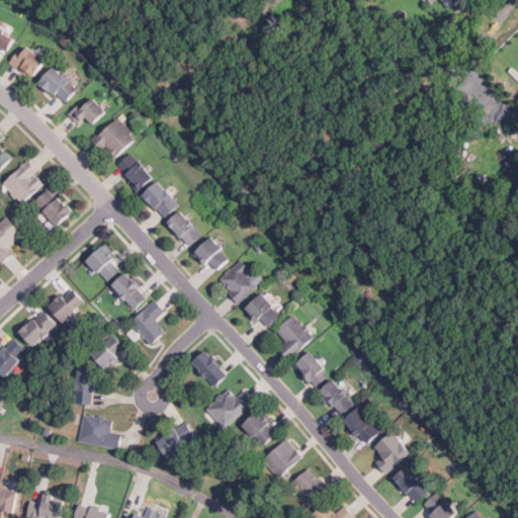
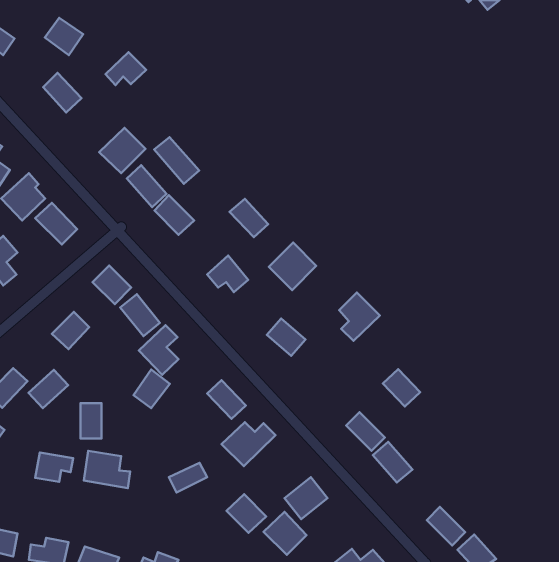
building: [8,45,44,79] -> [45,18,83,55]
building: [67,95,104,125] -> [105,52,146,85]
building: none -> [154,137,199,184]
building: [165,210,200,246] -> [230,199,268,237]
building: [217,259,260,303] -> [269,243,316,290]
building: [18,311,55,346] -> [29,370,68,408]
building: [274,315,312,359] -> [339,293,380,341]
building: [90,333,123,368] -> [133,370,170,408]
building: [293,352,328,386] -> [383,369,420,407]
building: [240,411,276,446] -> [226,494,266,533]
building: none -> [35,452,73,482]
building: [372,432,409,474] -> none
building: [286,468,326,508] -> [264,512,307,555]

